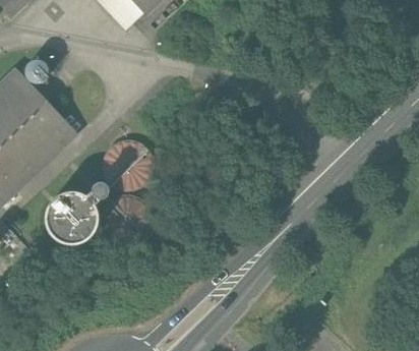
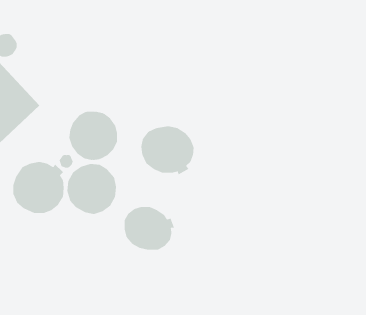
building: none -> [141,125,194,175]
building: none -> [124,206,175,251]

